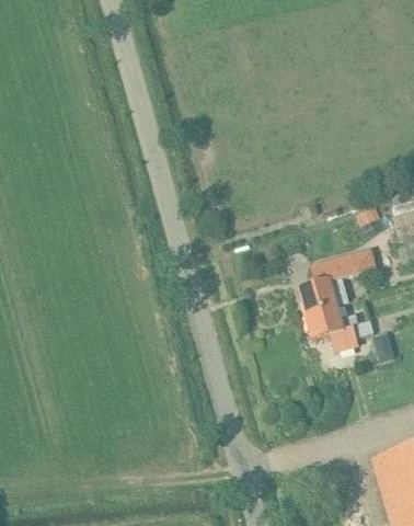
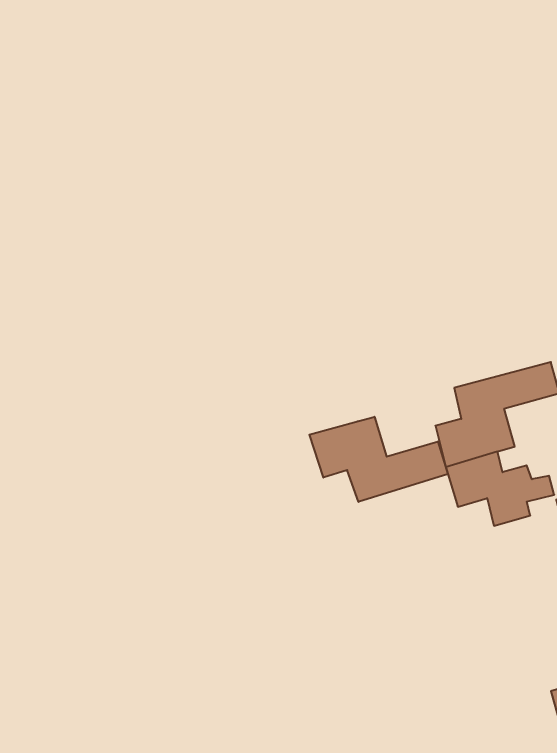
building: none -> [309,417,448,502]

